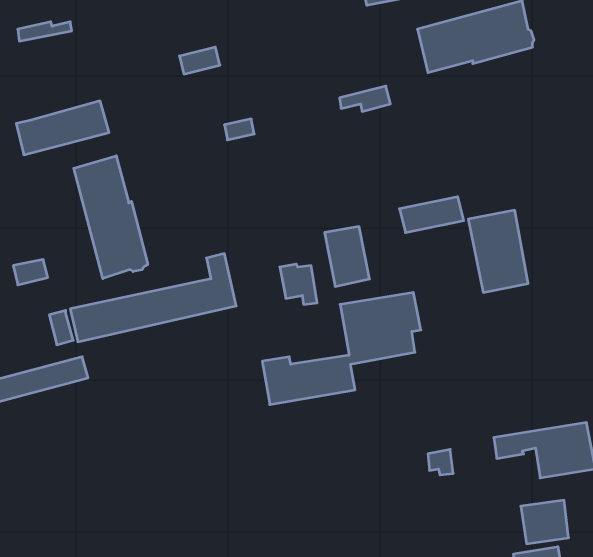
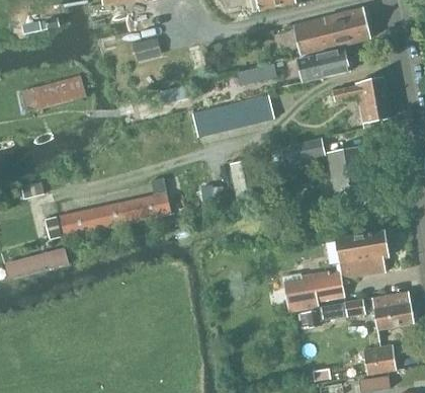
building: none -> [297,49,350,82]
building: none -> [332,76,391,123]
building: none -> [192,94,275,138]
building: [74,156,148,279] -> none
building: [262,292,421,405] -> [282,230,390,306]

